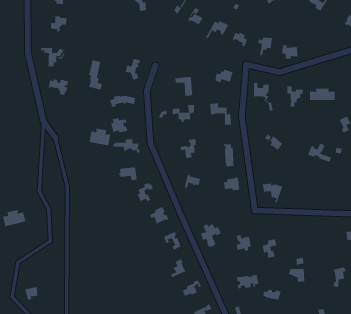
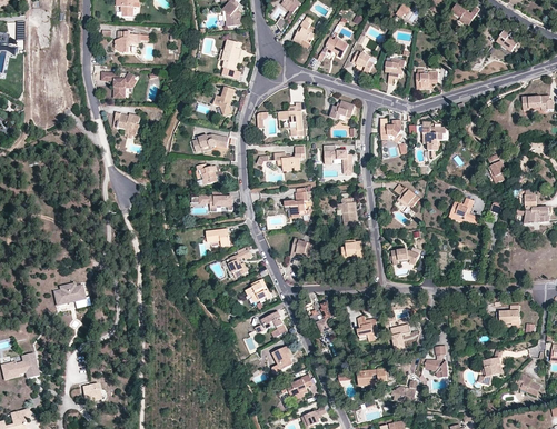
building: [88,59,103,90] -> [221,39,240,79]
building: [309,88,335,101] -> none
building: [89,128,111,146] -> none

